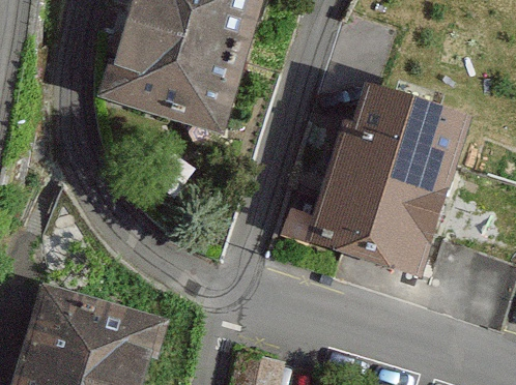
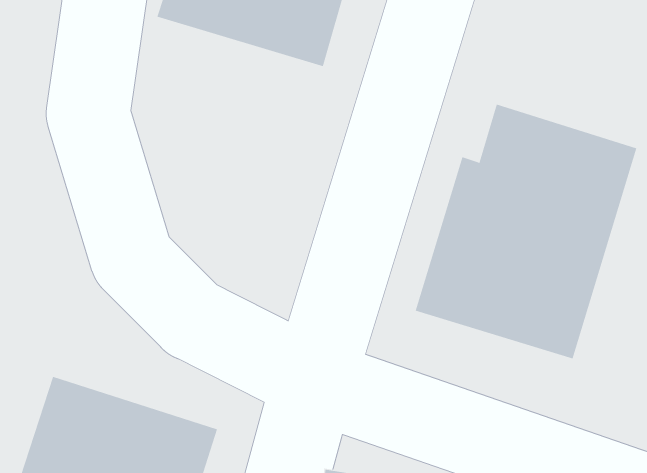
building: [98,23,241,131] -> none

